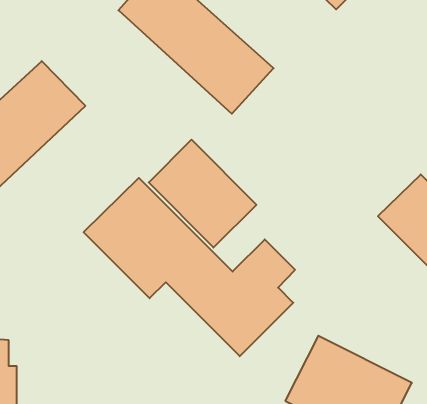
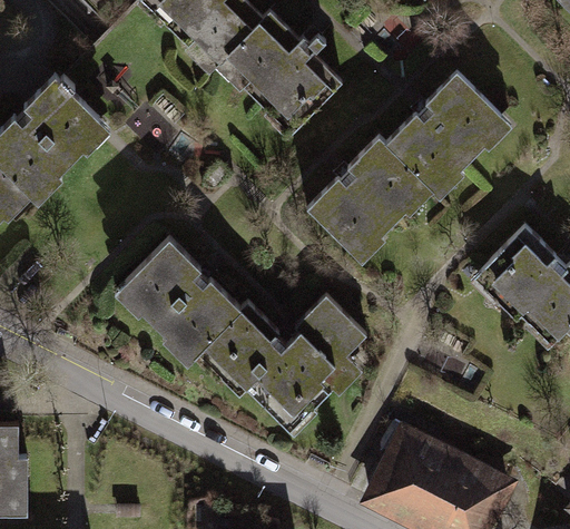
building: none -> [302,70,509,276]
building: [149,140,256,248] -> none

